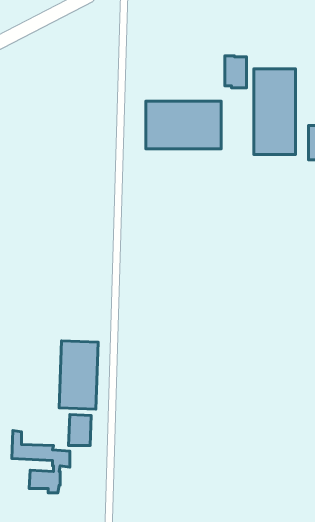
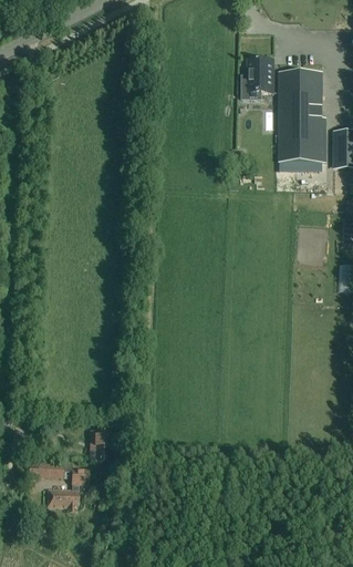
building: [146,101,221,149] -> none
building: [59,341,98,409] -> none

